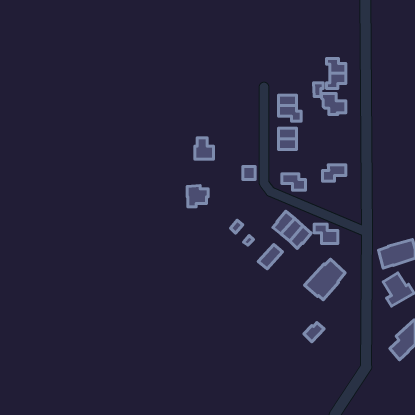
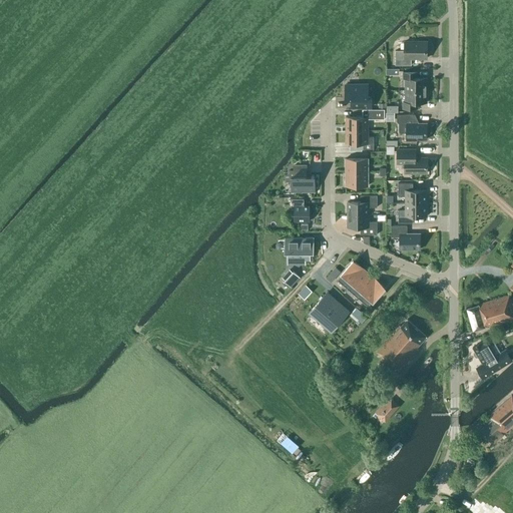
building: none -> [396,42,427,65]
building: none -> [345,85,372,107]
building: none -> [397,149,427,173]
building: [195,138,214,159] -> [292,165,315,191]
building: none -> [398,183,427,203]
building: none -> [348,195,377,214]
building: [187,186,208,207] -> [288,240,314,267]
building: [314,224,338,244] -> [391,225,420,249]
building: none -> [308,292,338,323]

